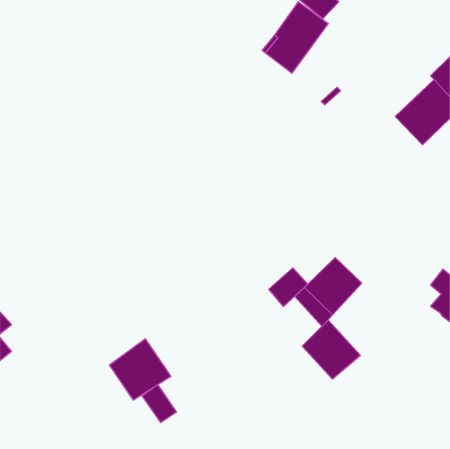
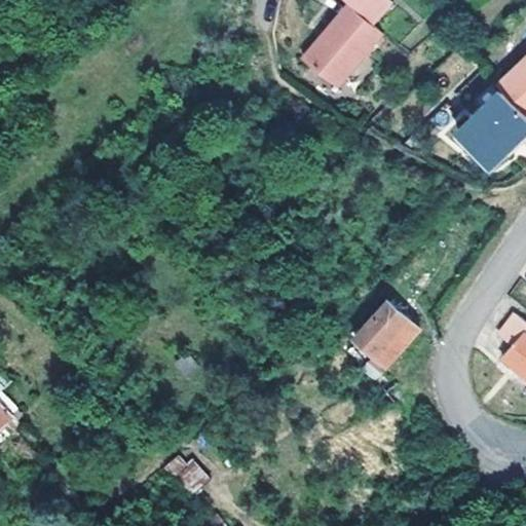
building: [269,268,308,306] -> none
building: [302,320,360,379] -> none
building: [110,339,171,400] -> none

